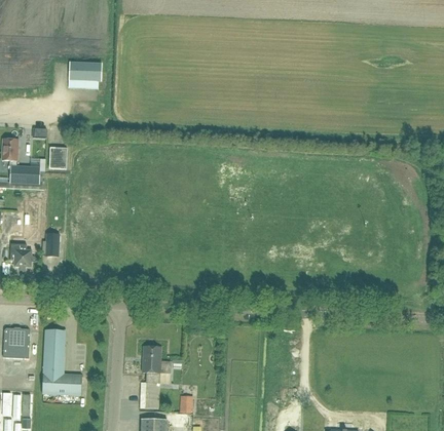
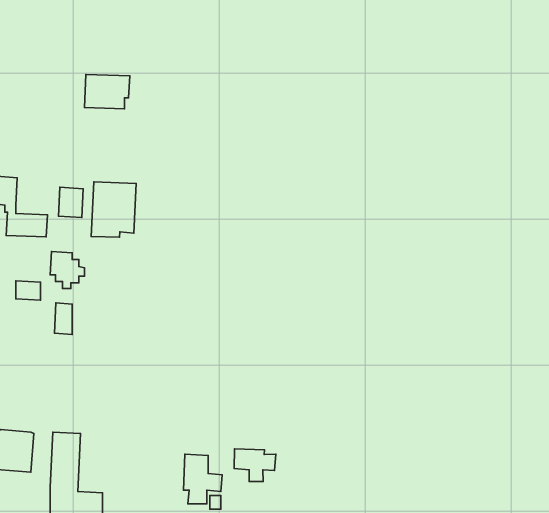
building: none -> [91,182,136,237]
building: [9,243,35,271] -> [50,251,84,288]
building: none -> [234,449,276,482]

